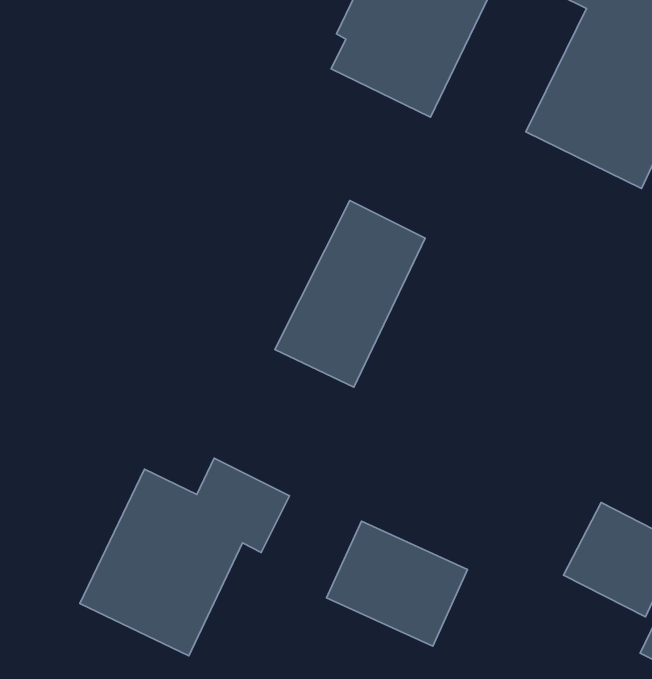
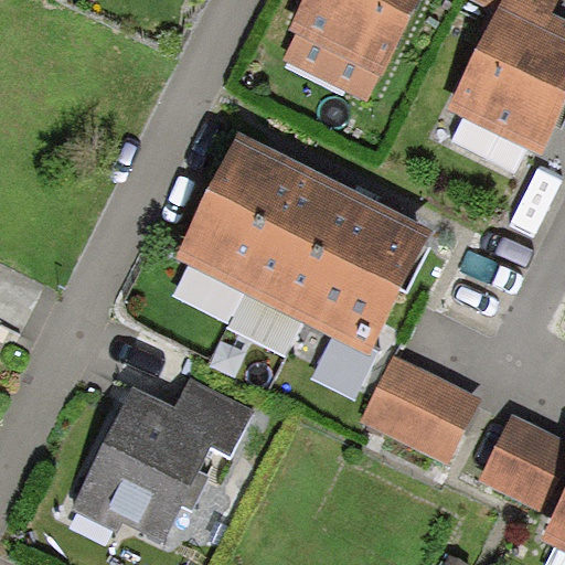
building: none -> [175,136,301,290]
building: none -> [305,199,429,352]
building: [327,521,468,646] -> [364,360,480,462]

